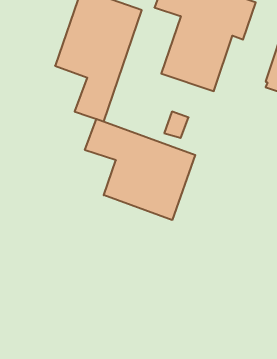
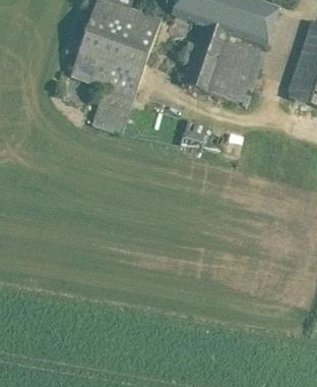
building: [85,119,195,220] -> none

